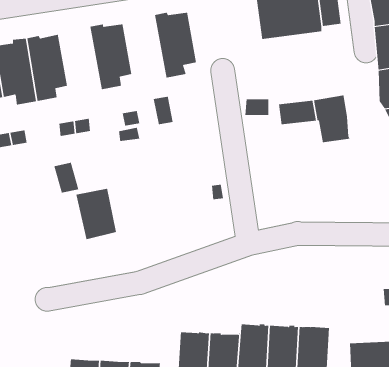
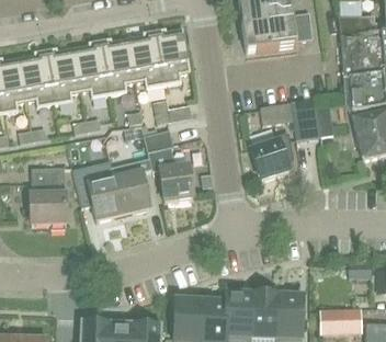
building: none -> [127,31,163,88]
building: none -> [72,41,109,98]
building: none -> [144,130,193,202]
building: none -> [250,139,288,181]
building: none -> [30,168,66,229]
building: none -> [114,171,150,215]

